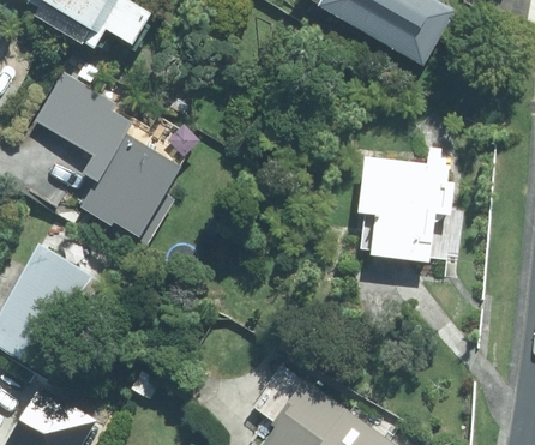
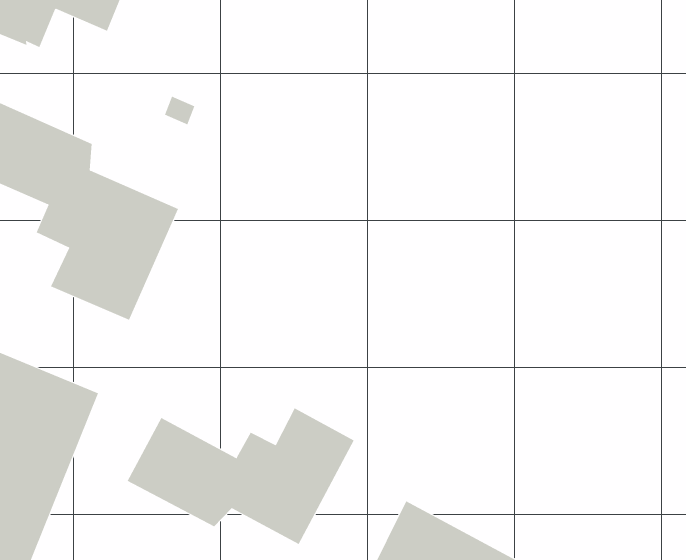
building: [360,158,455,267] -> none
building: none -> [127,407,354,545]

